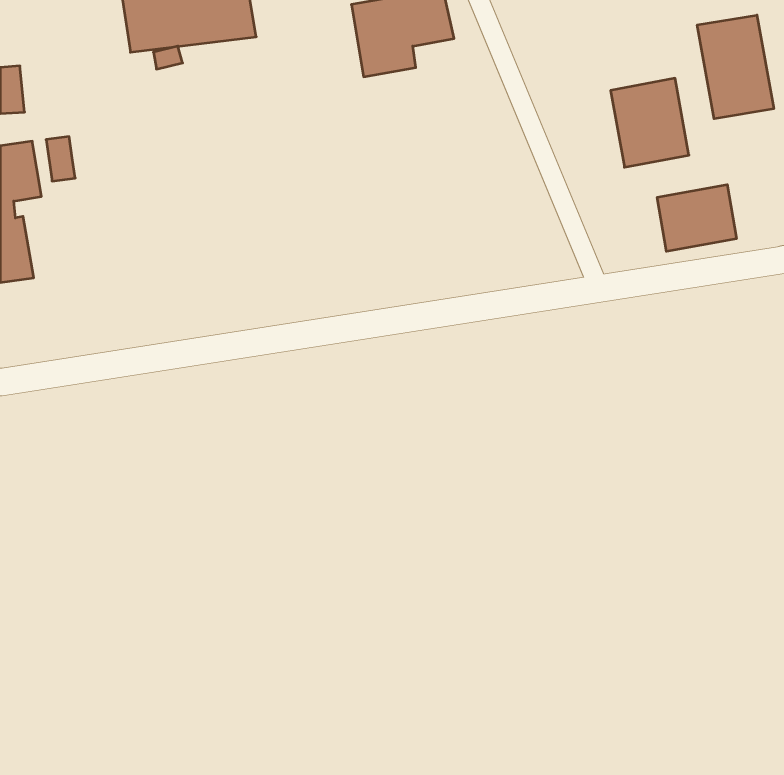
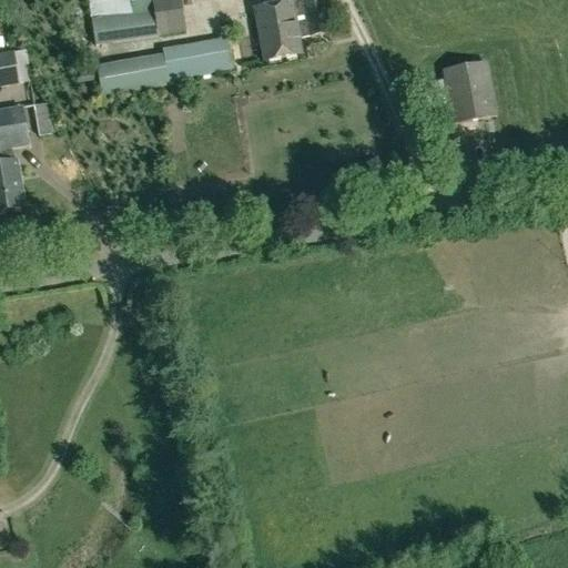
building: [697,15,774,119] -> none
building: none -> [98,41,235,101]
building: [657,185,736,251] -> none

